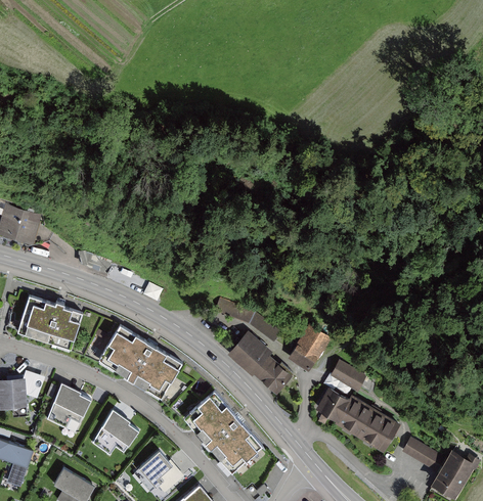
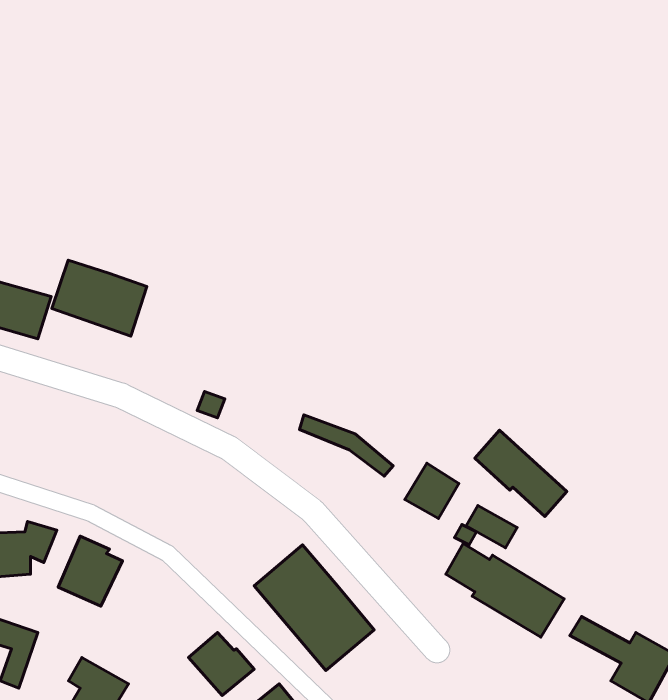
building: [19,295,86,349] -> [52,260,147,336]
building: [99,326,183,399] -> none
building: [229,333,294,394] -> [475,430,567,517]
building: [91,409,139,455] -> none

